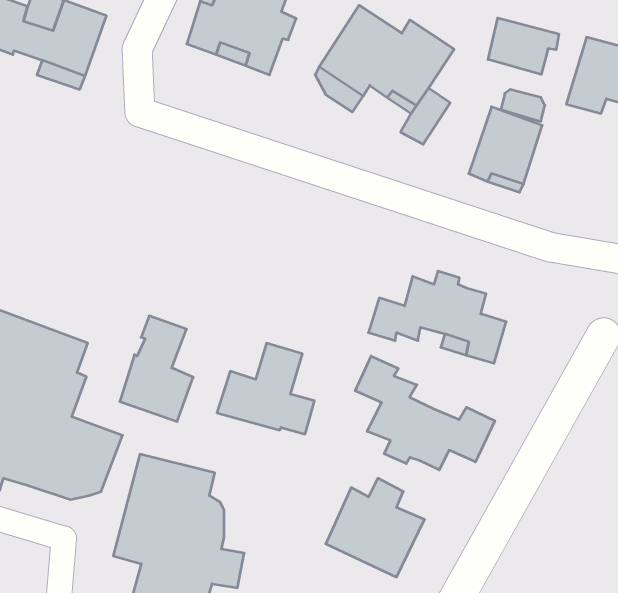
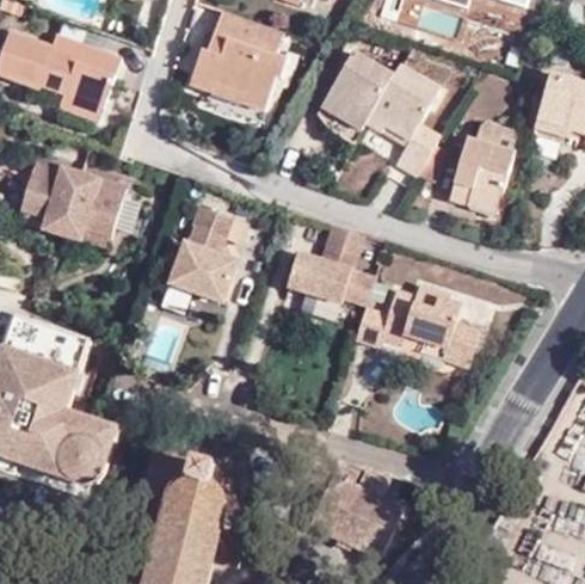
building: [488,18,559,74] -> none
building: none -> [32,159,138,241]
building: [120,316,193,421] -> [171,207,236,301]
building: [217,343,314,434] -> [287,225,374,306]
building: [355,356,495,470] -> none

